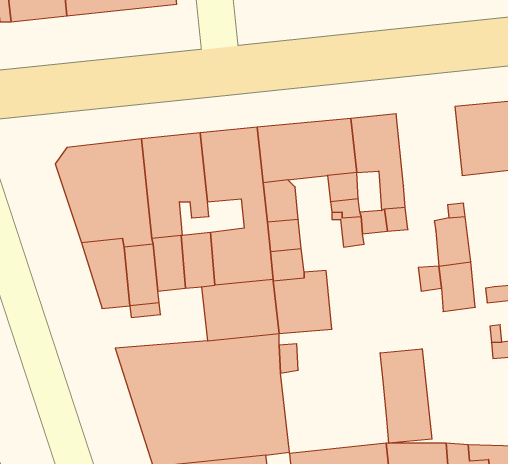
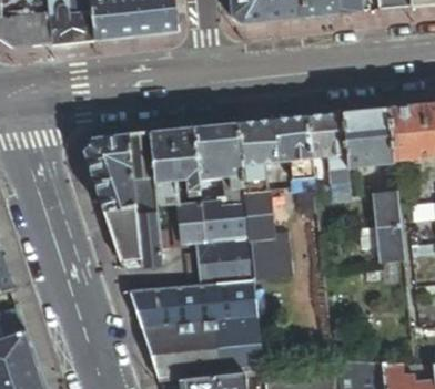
building: none -> [343,108,393,167]
building: [380,349,432,443] -> none

